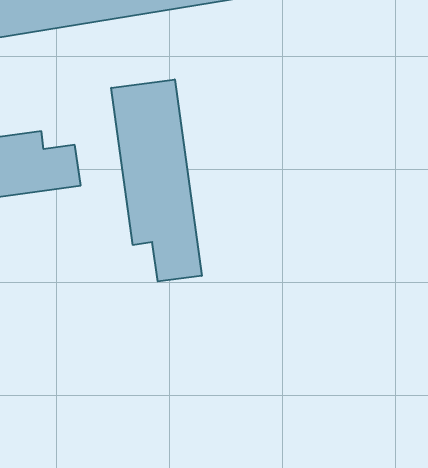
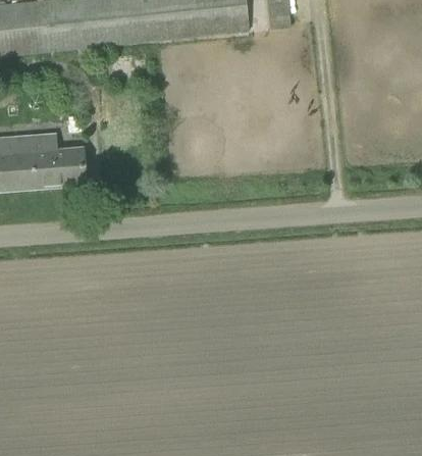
building: [111,79,202,281] -> none

